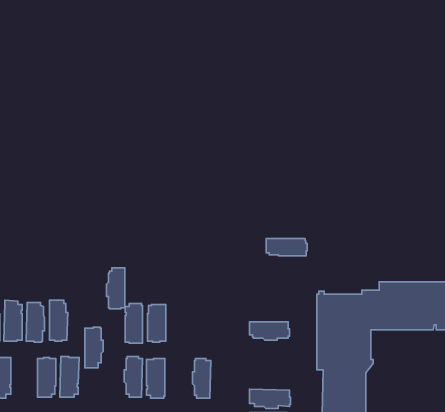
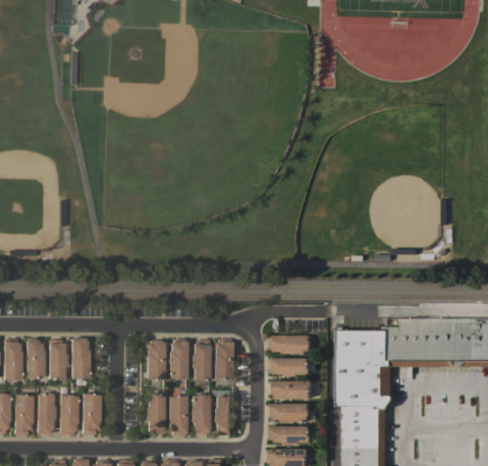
building: [266,238,307,256] -> [272,335,313,353]
building: [107,268,125,309] -> [192,339,210,379]
building: none -> [214,339,232,378]
building: [85,327,103,368] -> [37,393,55,433]
building: none -> [272,380,313,399]
building: none -> [191,394,210,433]
building: none -> [271,403,316,421]

